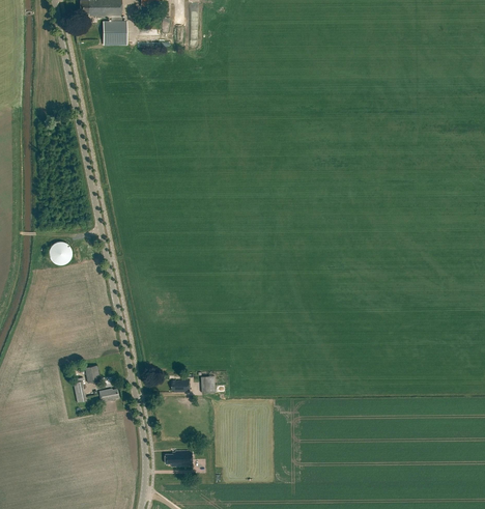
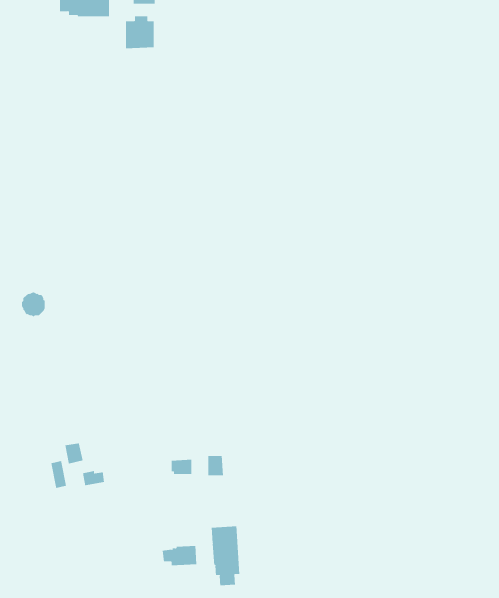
building: [104,18,127,45] -> [125,16,154,49]
building: none -> [211,525,240,586]

